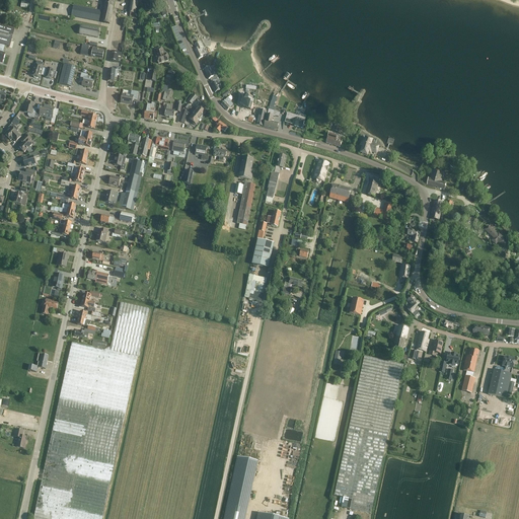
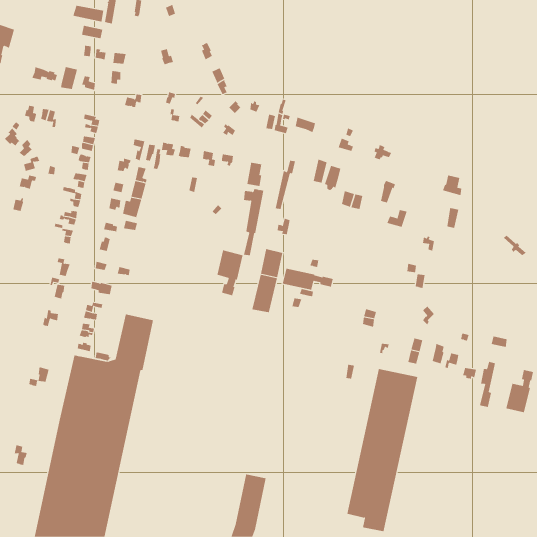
building: none -> [217,249,243,296]
building: none -> [282,268,333,290]

